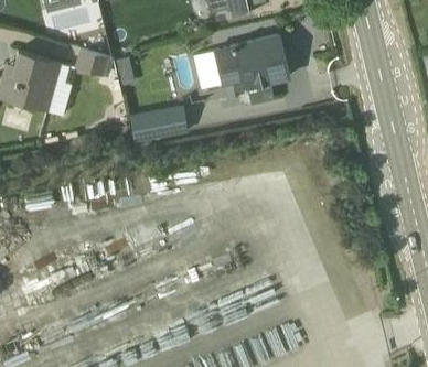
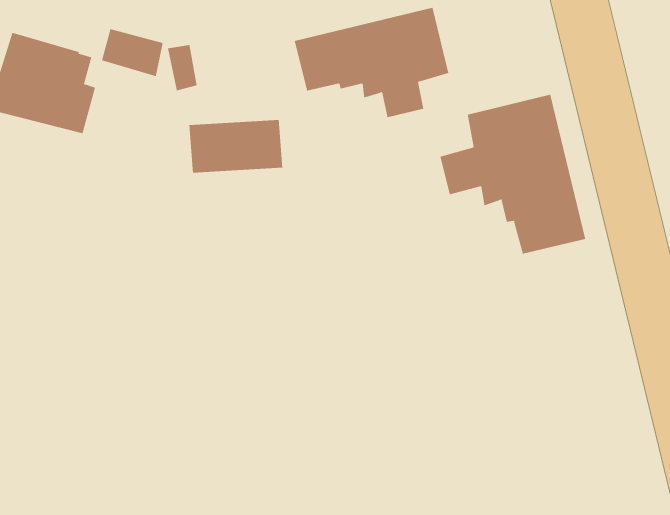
building: none -> [440,94,586,255]

